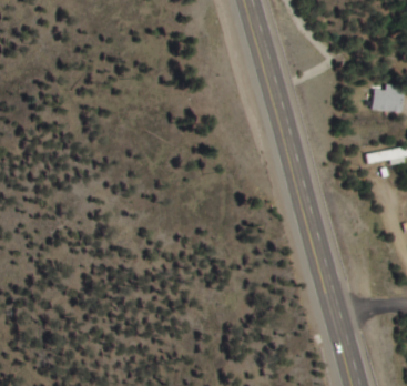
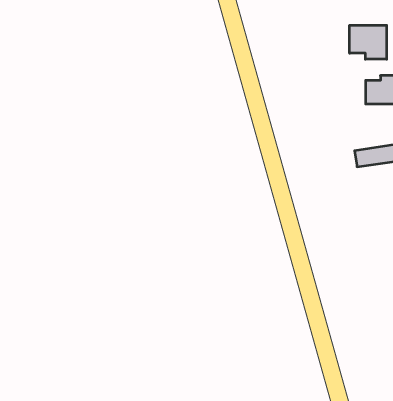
building: none -> [350,25,387,59]

